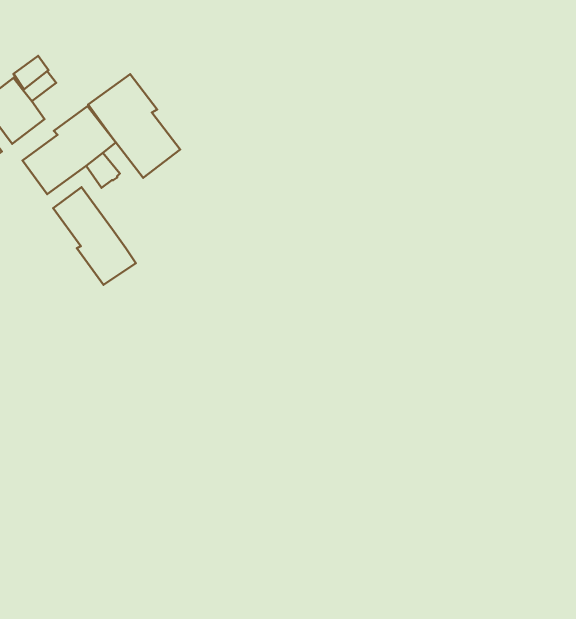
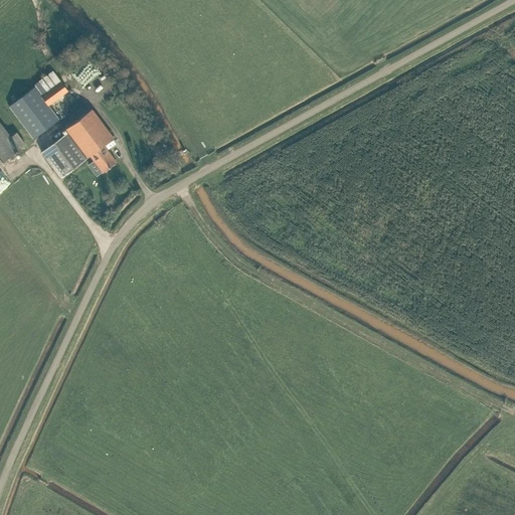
building: [88,74,180,178] -> none
building: [53,187,136,285] -> none

